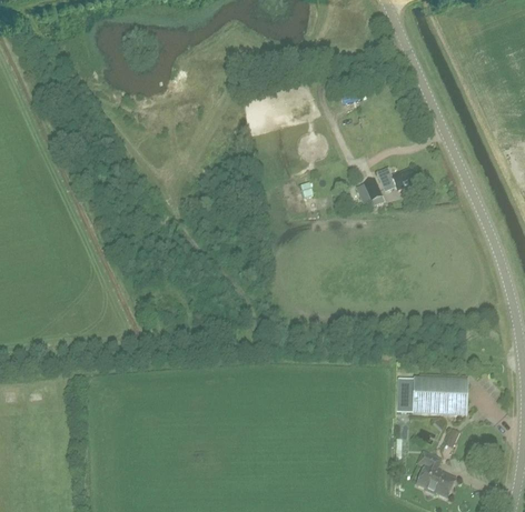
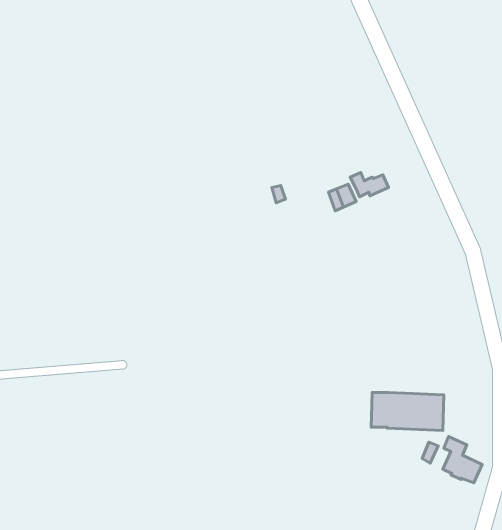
building: [416,451,454,495] -> [443,437,482,483]

